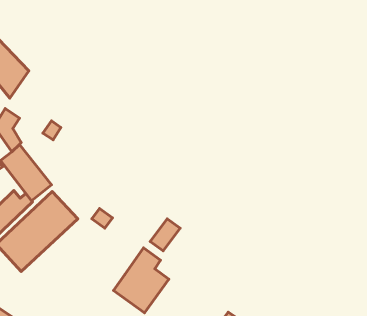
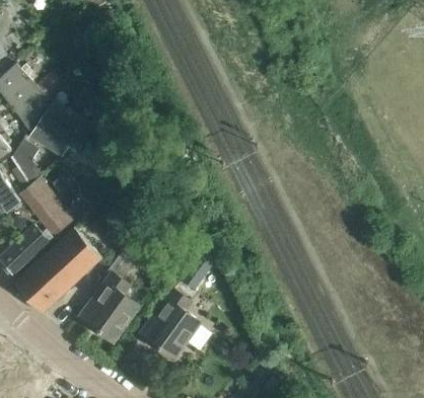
building: none -> [30,102,83,157]
building: none -> [79,273,139,343]

